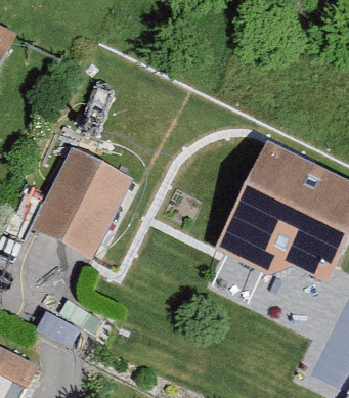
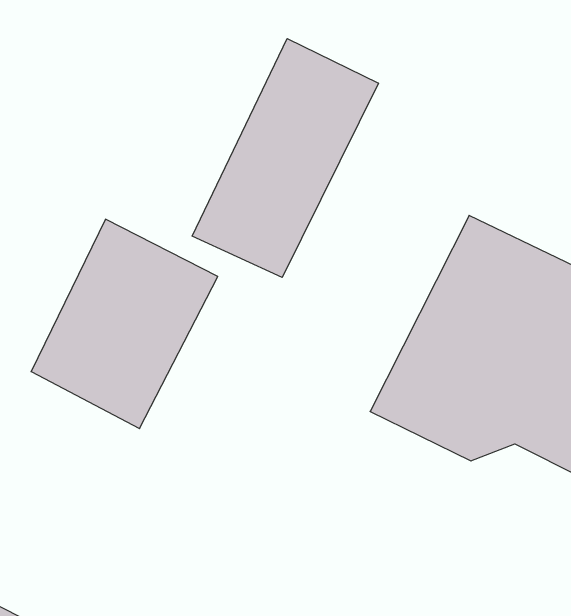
building: none -> [192,39,378,277]

